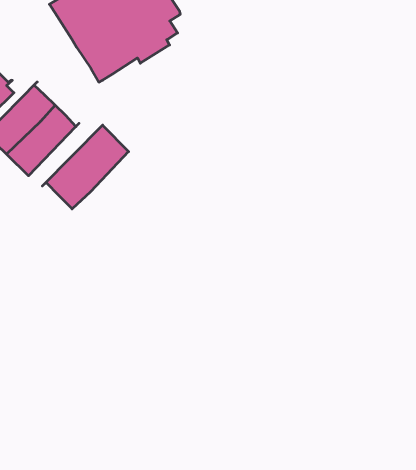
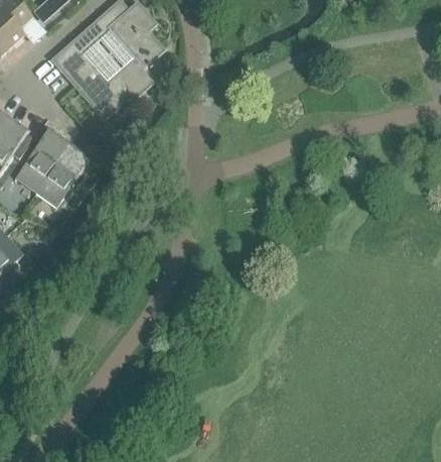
building: [42,125,129,209] -> none

